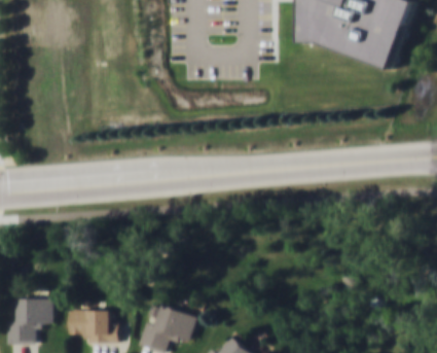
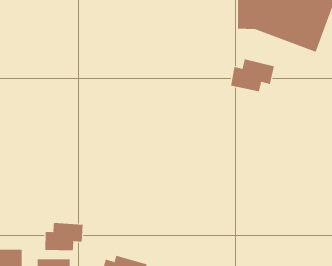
building: none -> [230,59,275,92]
building: none -> [45,222,83,251]

